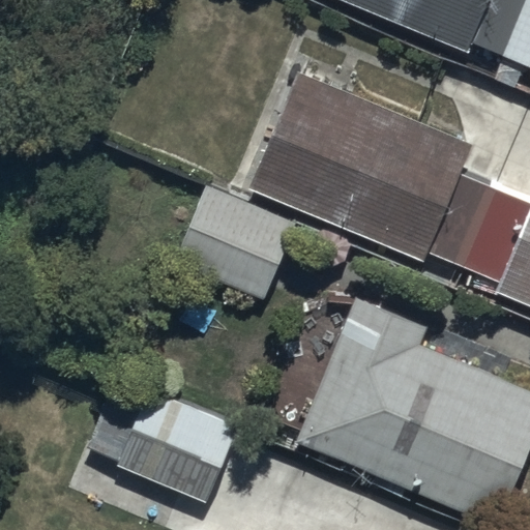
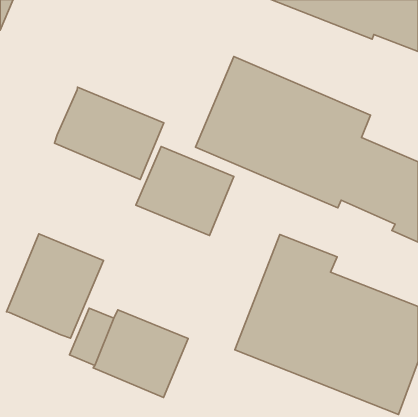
building: none -> [55,87,164,179]
building: none -> [6,234,104,338]

